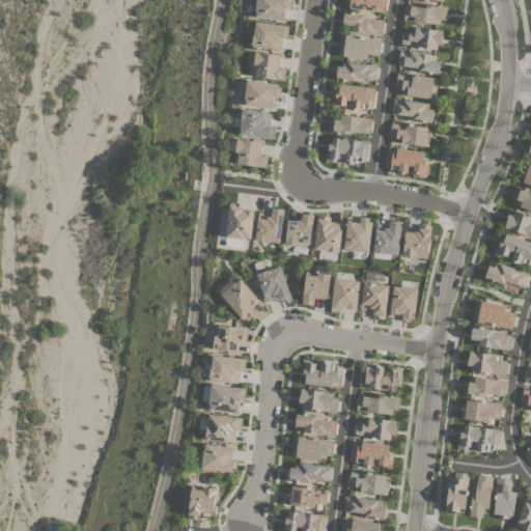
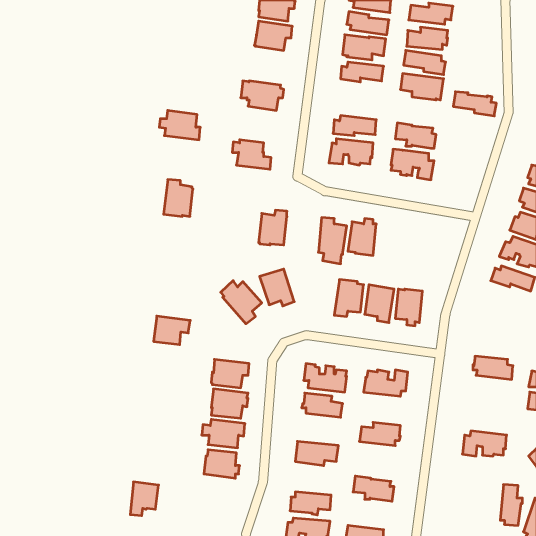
building: [248,51,287,81] -> none
building: [332,84,376,112] -> none
building: [392,100,435,123] -> [453,92,496,116]
building: [234,110,275,139] -> [159,110,200,140]
building: [226,203,255,240] -> [164,180,193,216]
building: [286,214,314,248] -> none
building: [373,220,402,255] -> none
building: [403,225,431,259] -> none
building: [303,272,331,306] -> none
building: [473,301,515,329] -> none
building: [213,325,249,353] -> [154,316,190,345]
building: [471,327,512,351] -> none
building: [464,376,507,397] -> none
building: [357,395,400,416] -> none
building: [462,400,502,423] -> none
building: [296,414,337,437] -> none
building: [352,441,394,469] -> none
building: [289,463,332,482] -> none
building: [447,473,470,513] -> none
building: [470,476,494,518] -> none
building: [189,486,217,520] -> [130,482,159,516]
building: [345,497,387,520] -> none

